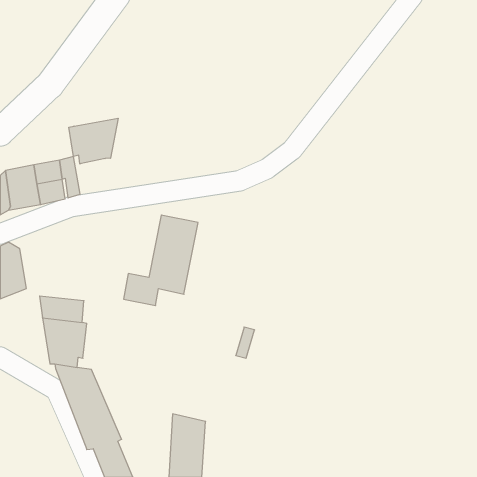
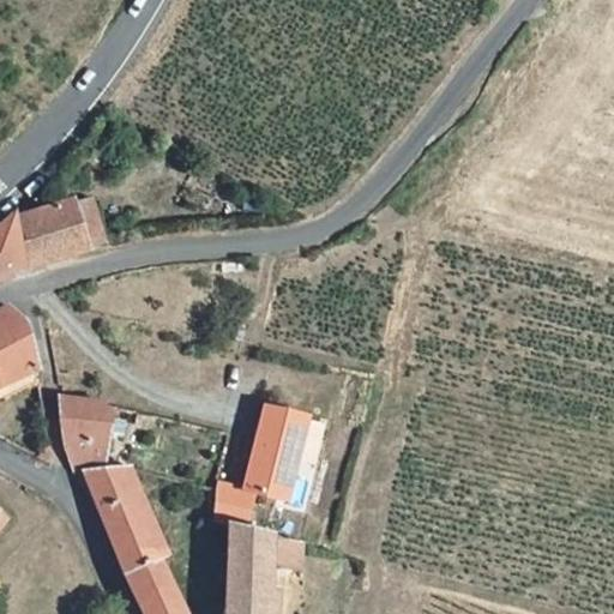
building: [69,118,118,164] -> none
building: [124,215,198,306] -> [217,401,312,516]

